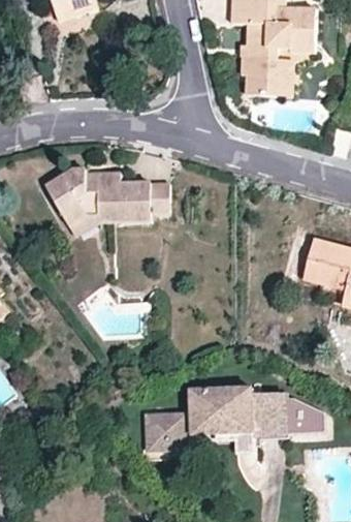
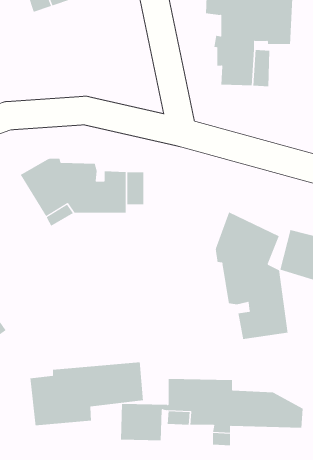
building: none -> [215,212,288,340]
building: none -> [30,362,144,426]

